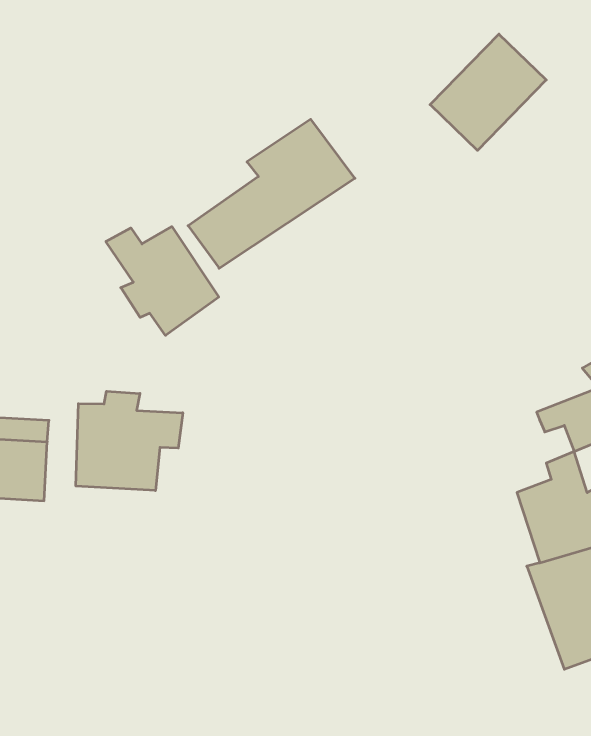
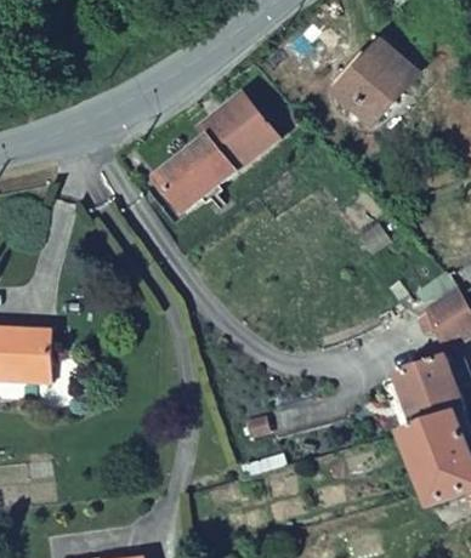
building: [106,227,219,335] -> none
building: [76,391,183,491] -> none

